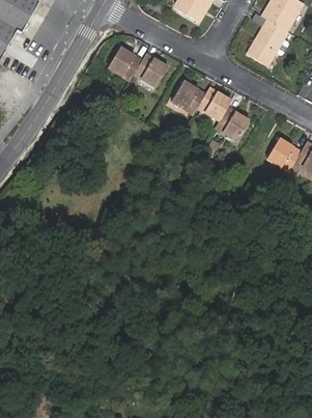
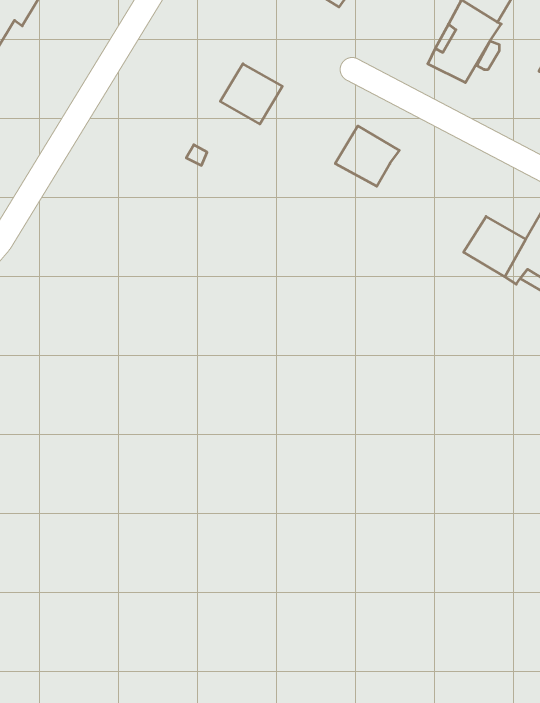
building: [108,48,142,80] -> none
building: [170,81,205,115] -> none
building: [215,109,248,141] -> none

